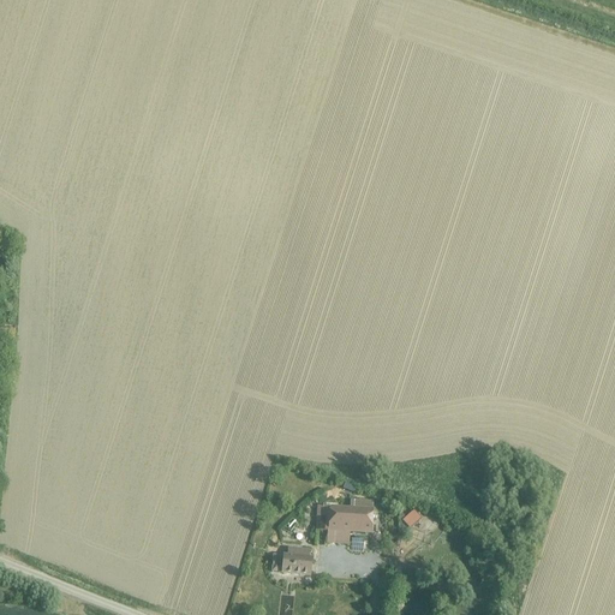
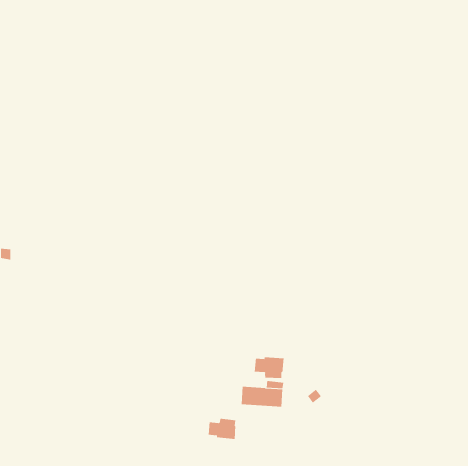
building: none -> [254,356,284,379]

